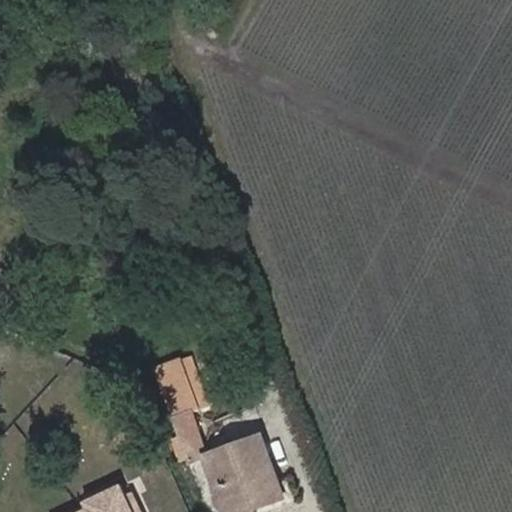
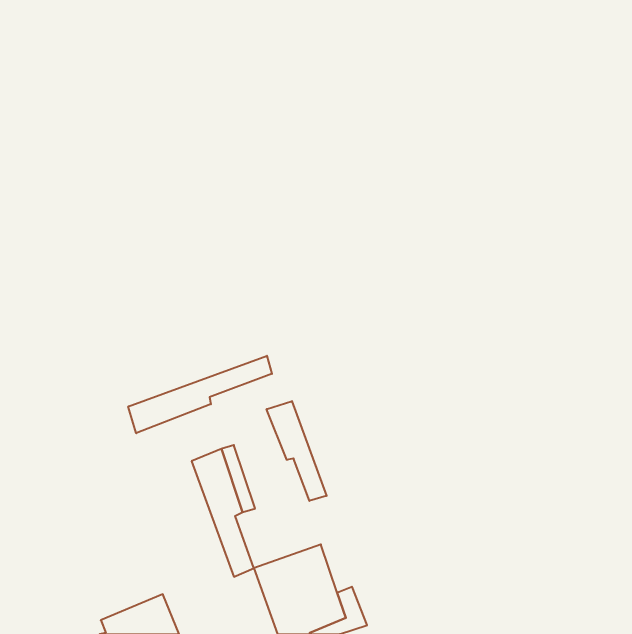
building: none -> [128,356,272,433]
building: none -> [267,401,327,501]

